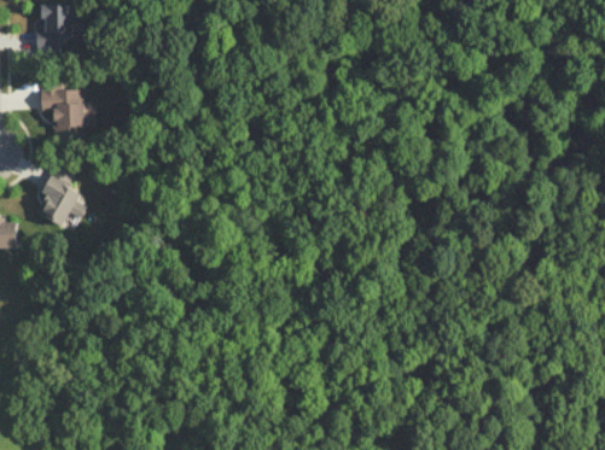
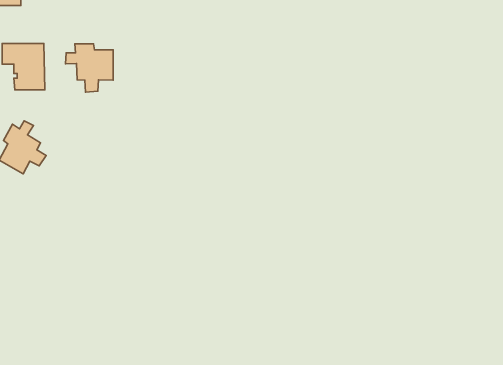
building: none -> [65,44,113,92]

